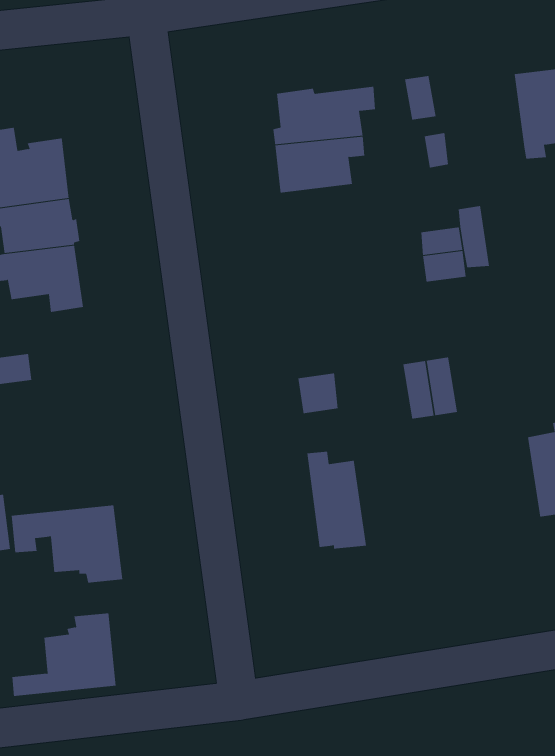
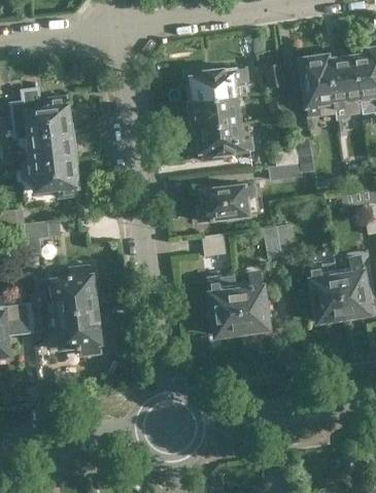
building: none -> [301,57,334,118]
building: none -> [193,124,251,160]
building: none -> [199,186,254,221]
building: none -> [309,266,343,321]
building: none -> [236,273,269,333]
building: [11,613,116,696] -> [36,268,97,316]

